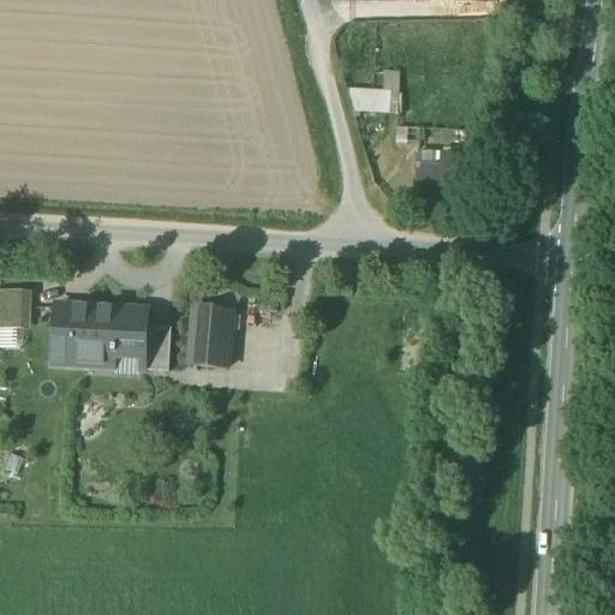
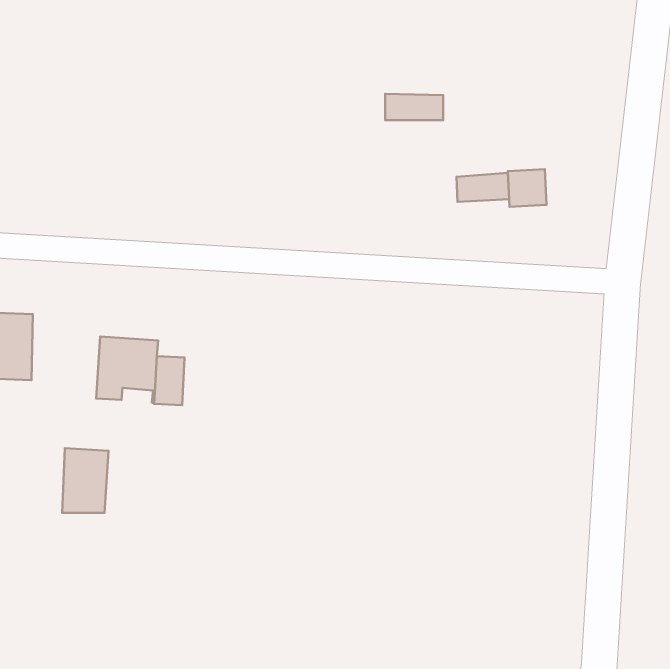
building: none -> [508,169,546,207]
building: [49,304,91,363] -> [62,448,108,513]
building: [186,305,229,366] -> none

